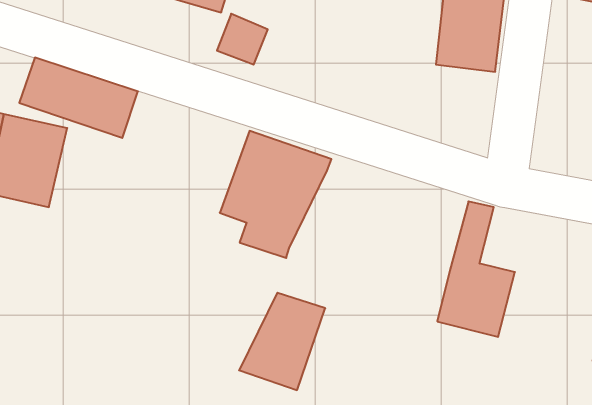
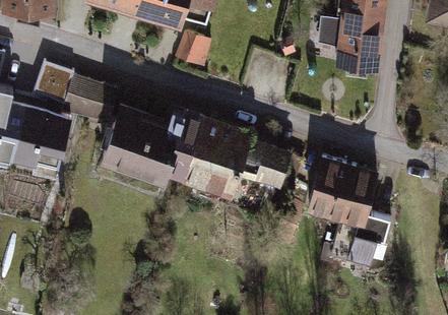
building: none -> [106,107,200,181]
building: none -> [308,158,358,216]
building: [239,293,325,390] -> [229,144,291,214]

